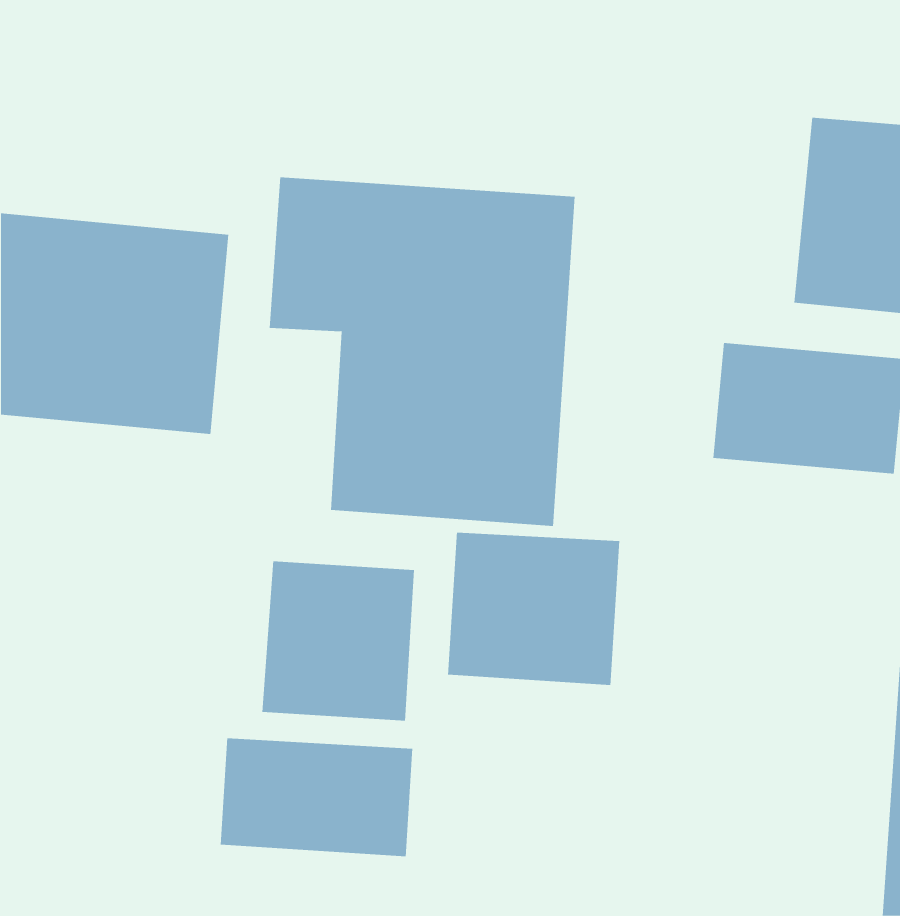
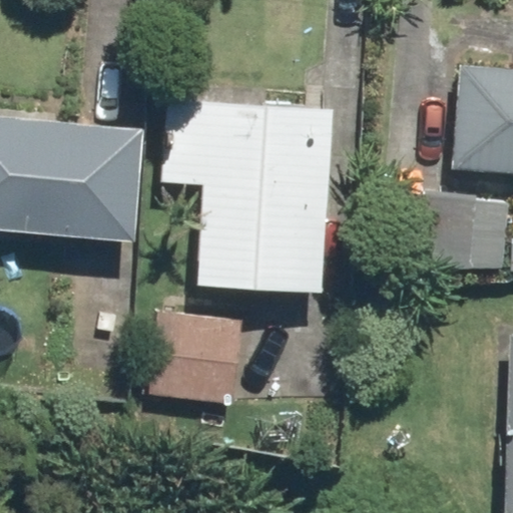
building: [448,532,620,686] -> none
building: [220,738,413,857] -> none

